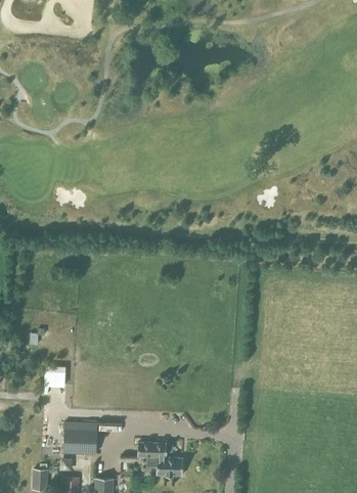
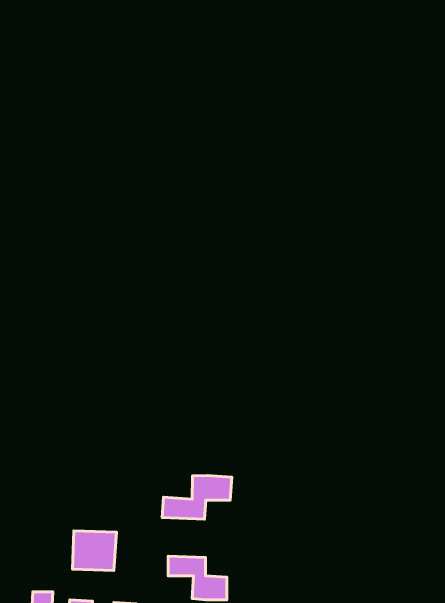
building: none -> [162,475,232,519]

